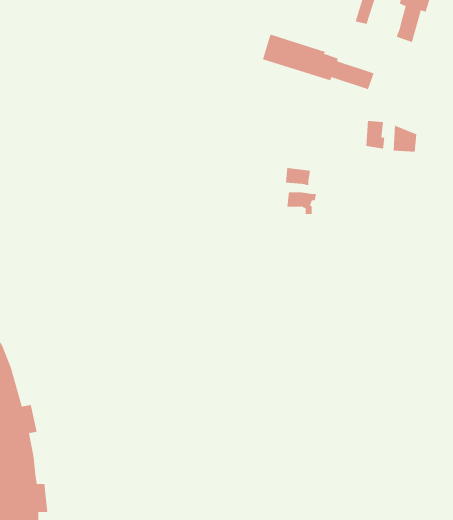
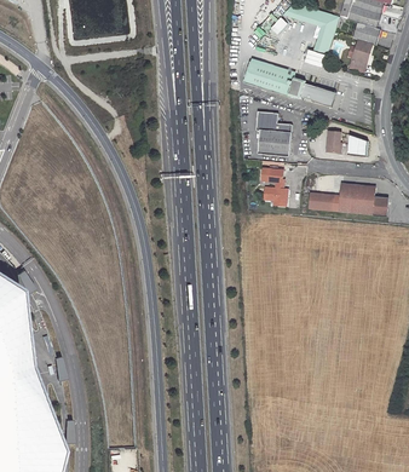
building: none -> [249,111,286,156]
building: none -> [303,184,381,215]

